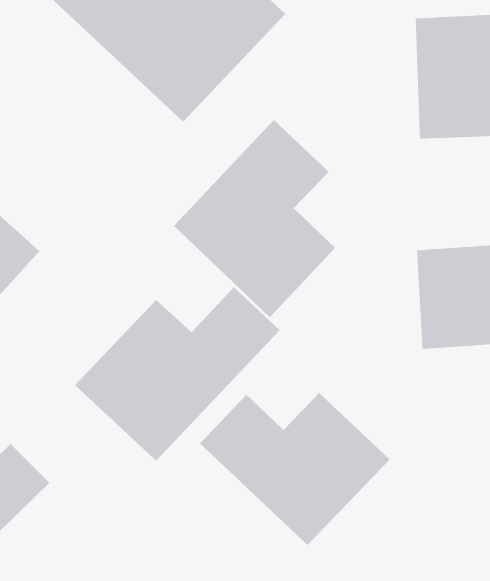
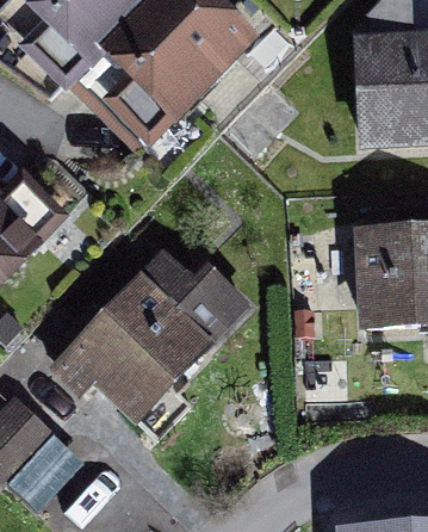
building: [173,119,336,318] -> none
building: [199,392,391,546] -> none

